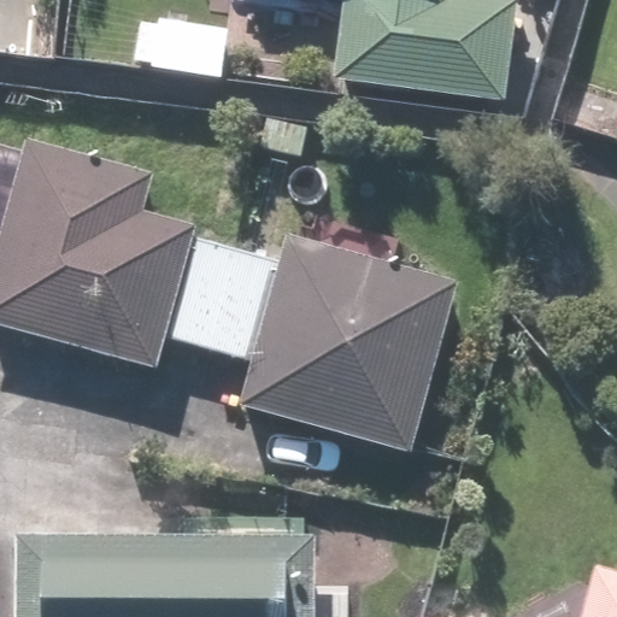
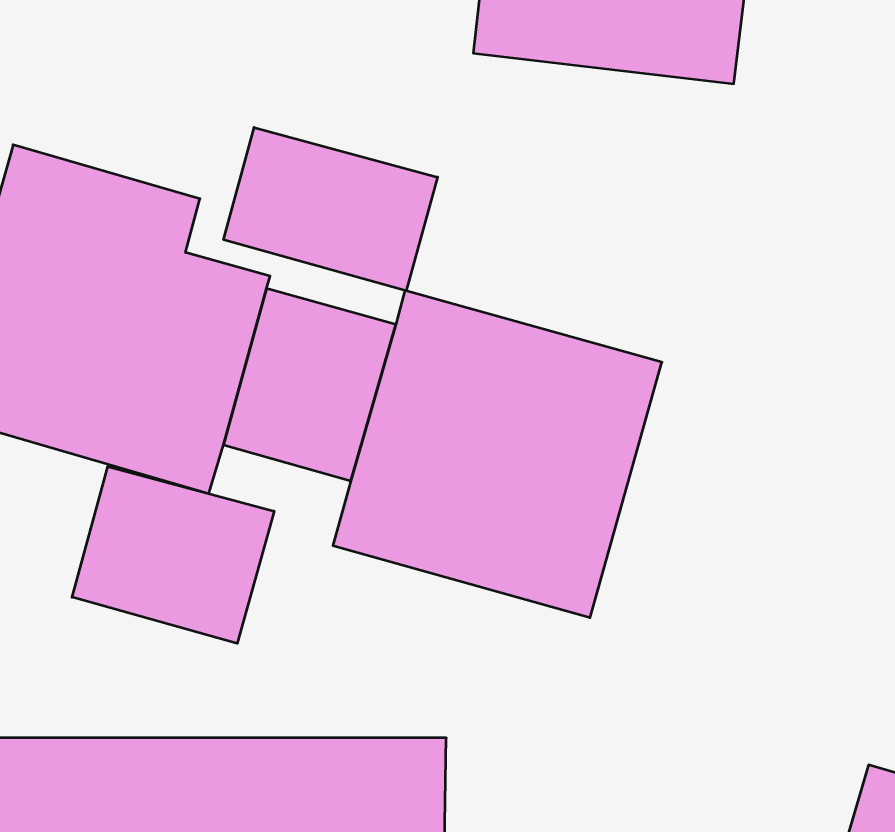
building: none -> [224,127,438,291]
building: none -> [72,466,274,643]

